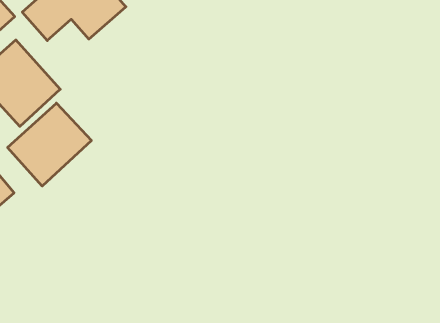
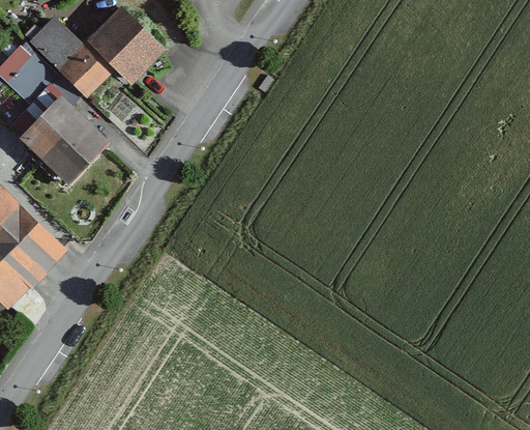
building: [8,103,91,186] -> none

